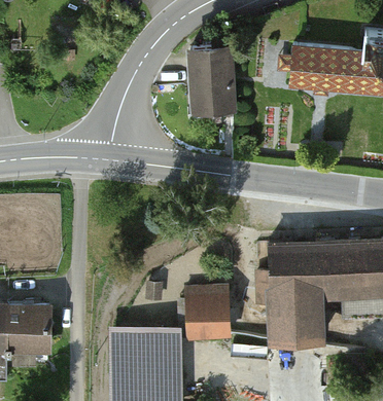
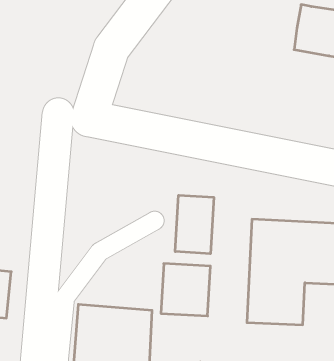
building: [189,57,238,118] -> none
building: none -> [175,195,214,254]

